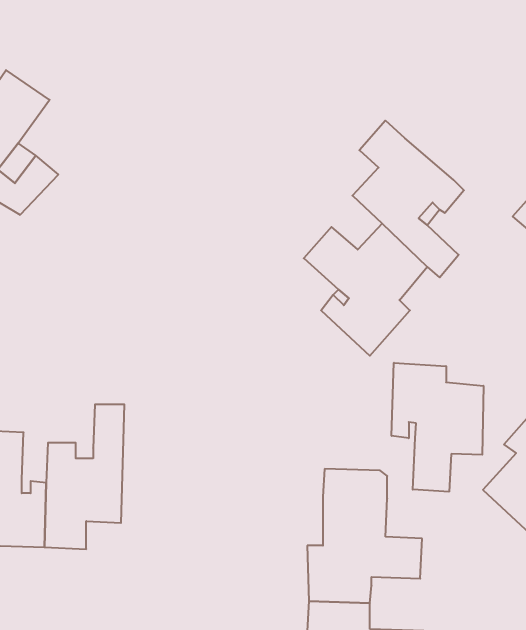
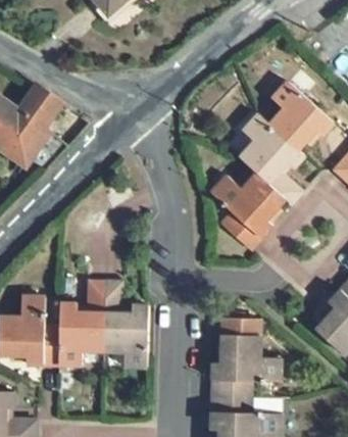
building: none -> [268,81,332,148]
building: [392,363,483,492] -> none
building: none -> [102,280,148,367]

